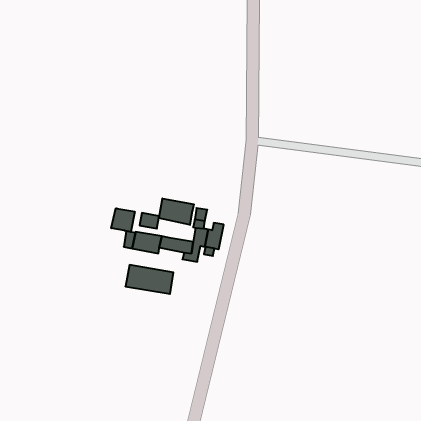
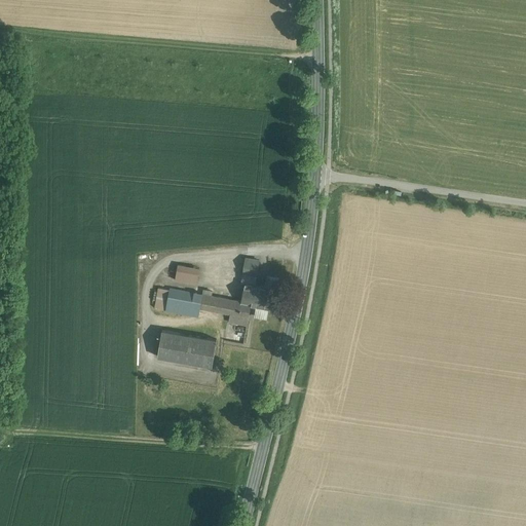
building: [159,198,194,225] -> none
building: [111,208,135,232] -> none

